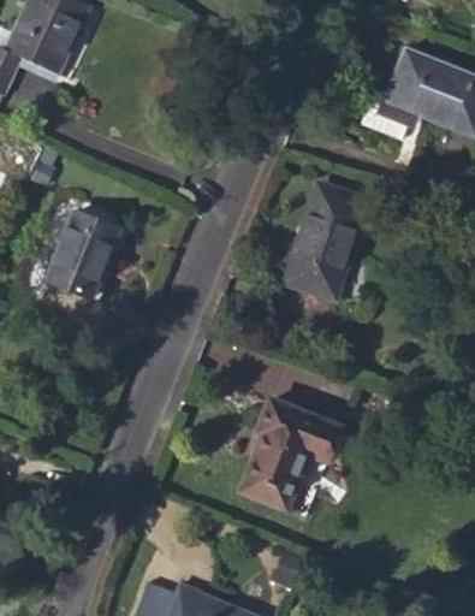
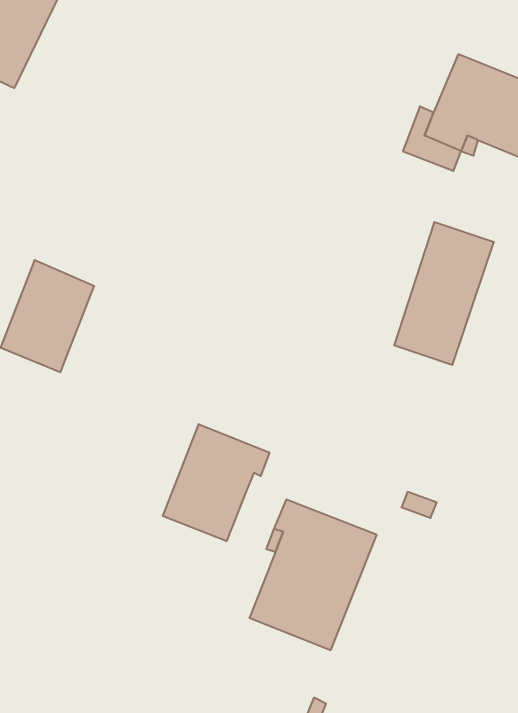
building: [286,185,364,297] -> [394,222,494,365]
building: none -> [163,424,269,541]

